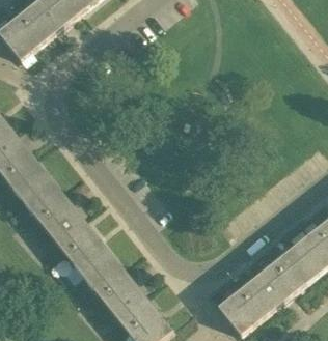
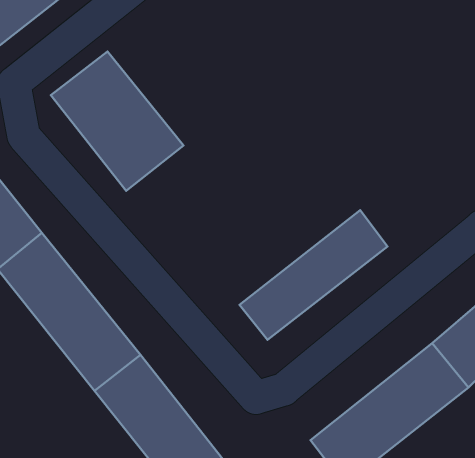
building: none -> [51,51,184,191]
building: none -> [240,210,388,340]

